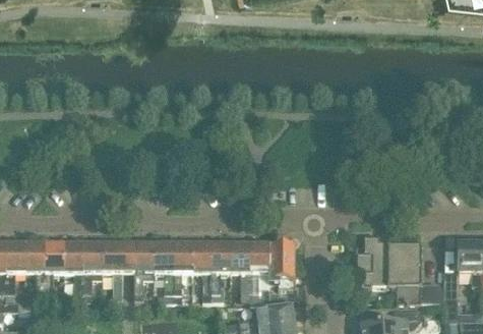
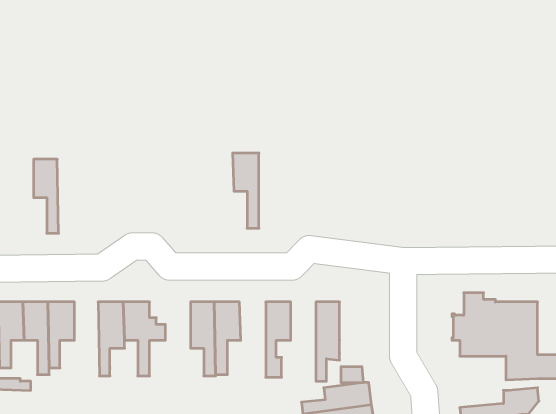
building: [269,239,295,286] -> none
building: [65,241,84,298] -> [34,159,59,233]
building: [123,241,155,298] -> none
building: [192,241,213,299] -> [233,153,259,228]
building: [232,241,251,299] -> none

